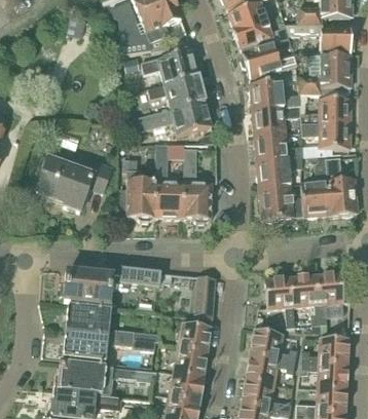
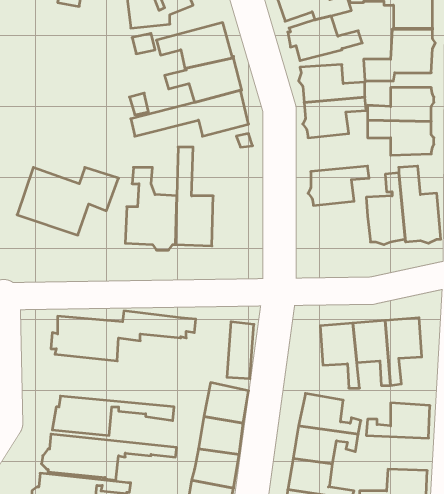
building: [255,134,303,162] -> none
building: [184,148,213,223] -> none
building: [259,185,304,221] -> none
building: [67,306,159,342] -> none
building: [301,363,348,389] -> none

